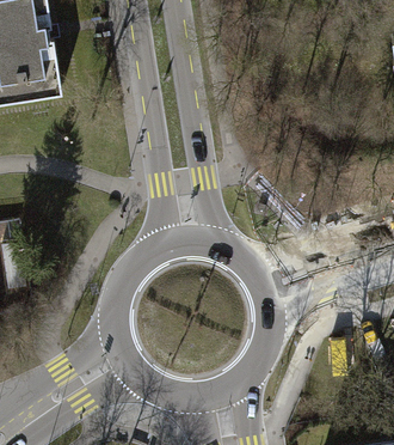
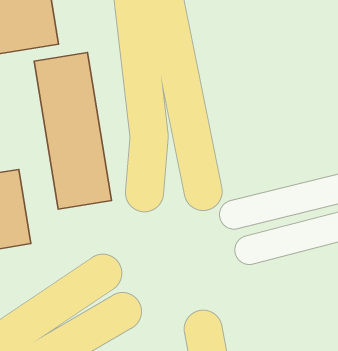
building: none -> [34,53,112,209]

